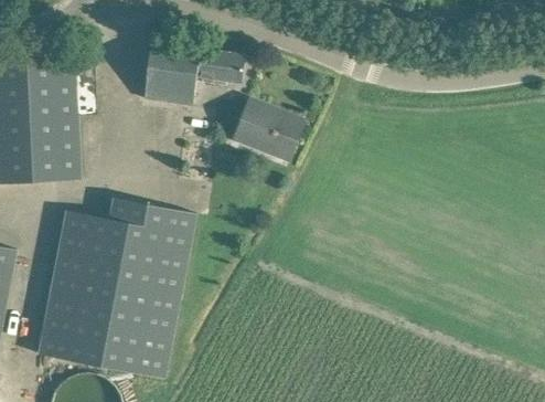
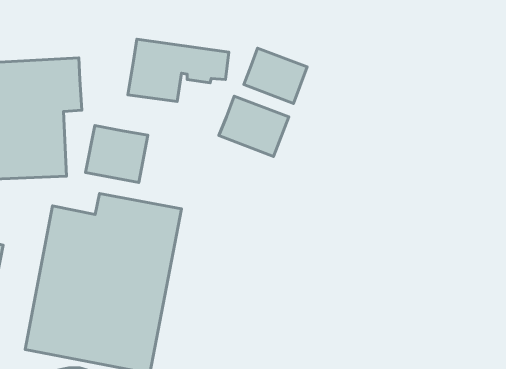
building: none -> [244,48,307,103]
building: none -> [86,125,148,183]

